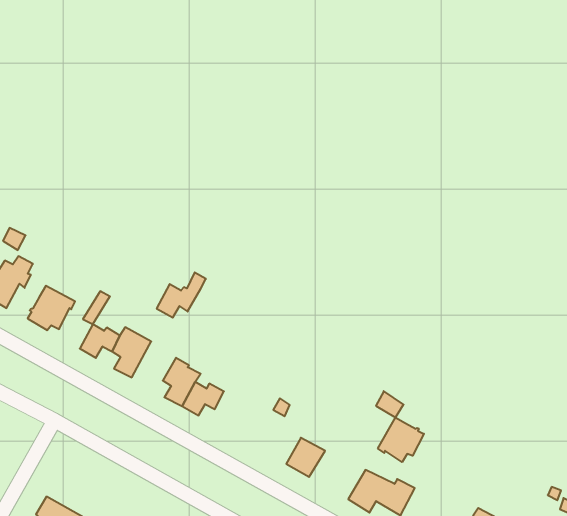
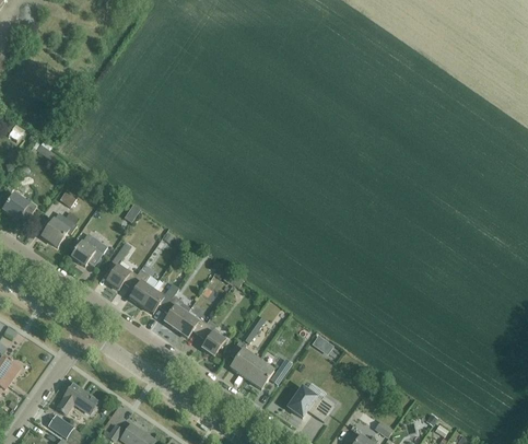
building: [157,272,206,318] -> [141,282,178,313]
building: none -> [198,322,224,355]
building: none -> [228,341,257,377]
building: [378,418,424,462] -> none

